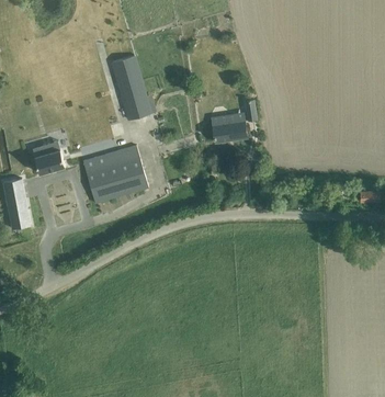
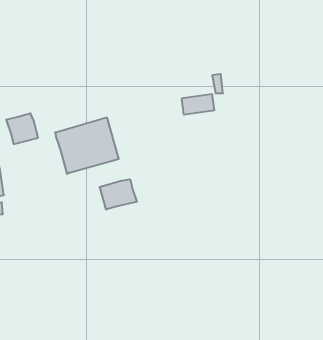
building: [112,55,150,120] -> none
building: none -> [100,179,137,210]

